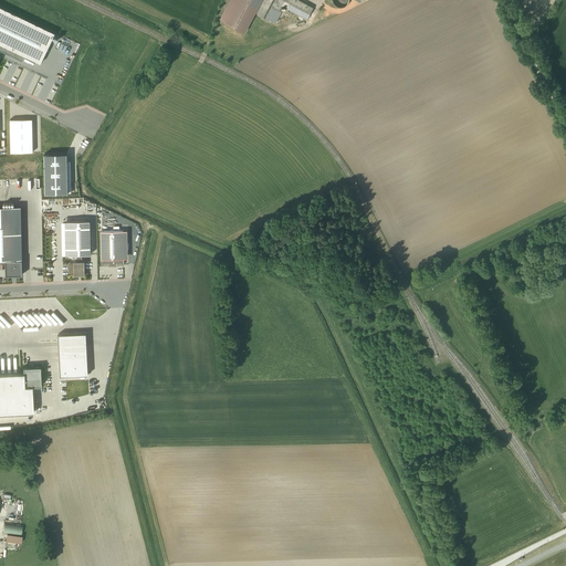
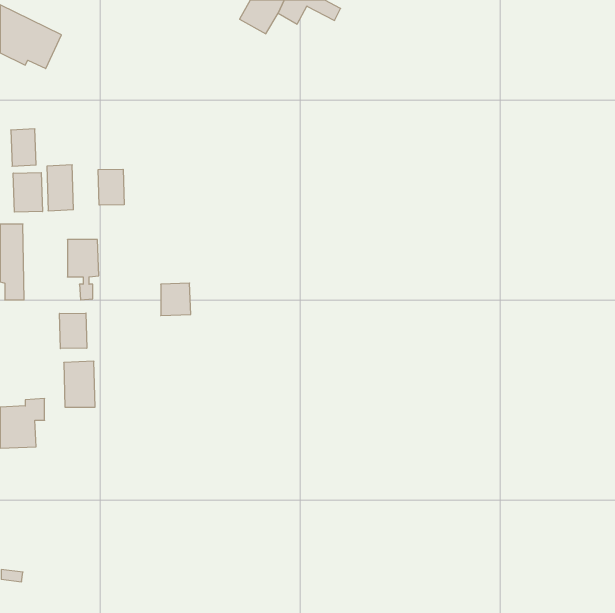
building: none -> [98,169,124,205]
building: none -> [13,173,42,212]
building: [101,231,128,261] -> [161,283,191,316]
building: none -> [60,313,87,349]

